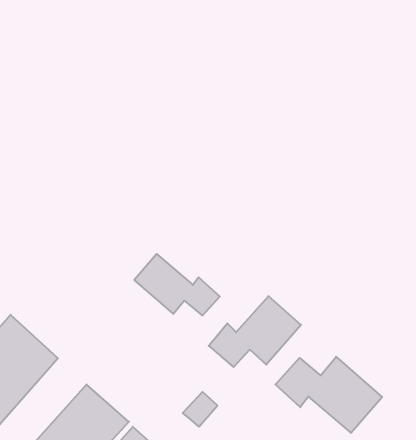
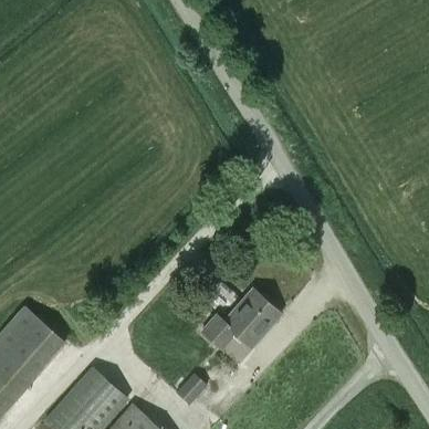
building: [134,254,220,315] -> none
building: [275,357,382,433] -> none

